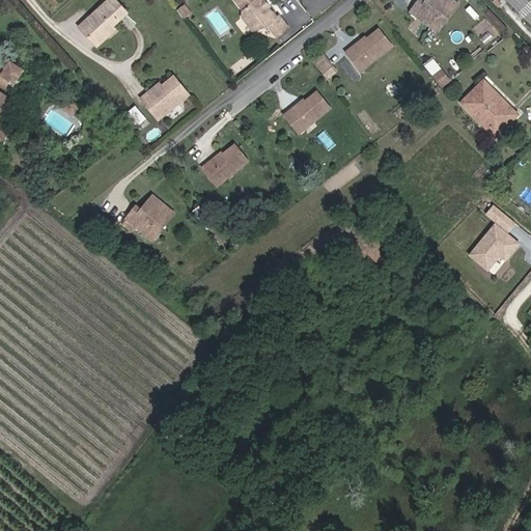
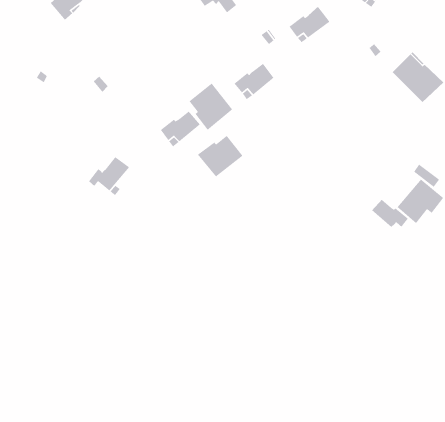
building: [140,75,188,118] -> none
building: none -> [189,83,233,131]
building: none -> [197,135,243,178]
building: none -> [371,199,409,228]

